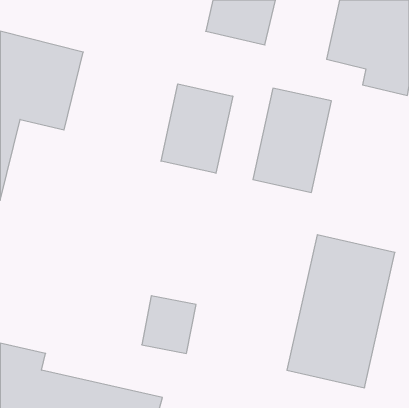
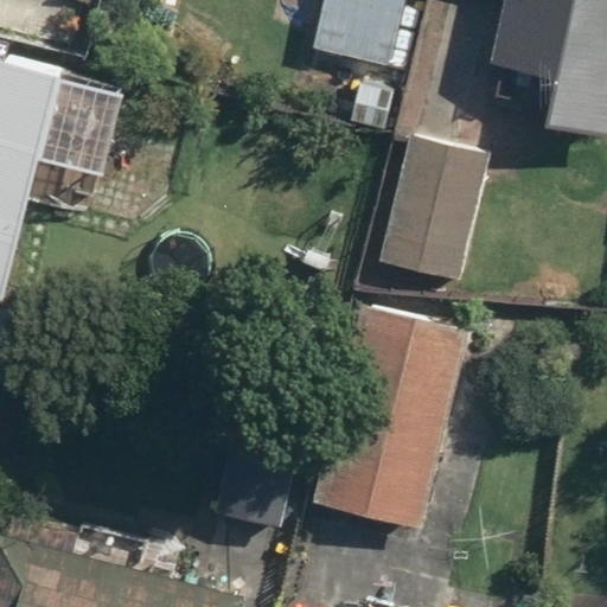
building: [161,84,233,173] -> none
building: [287,235,395,388] -> [306,301,466,528]

